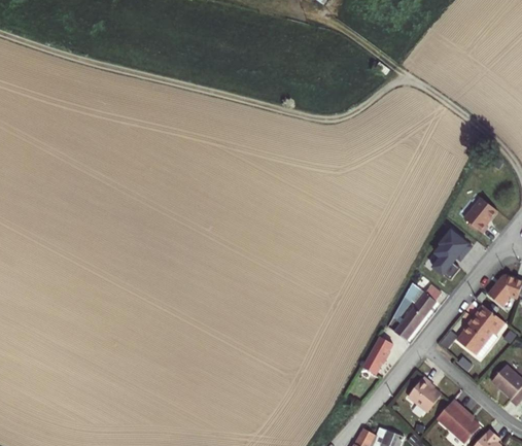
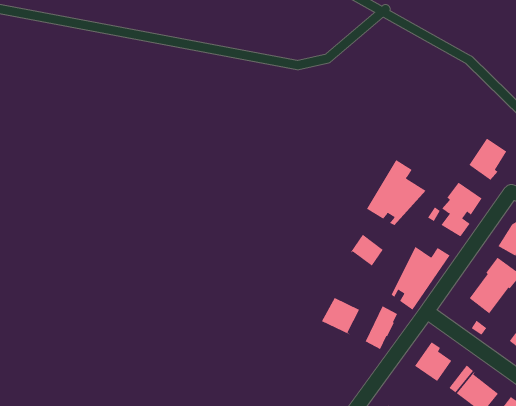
building: none -> [366,159,426,226]
building: none -> [350,234,384,266]
building: none -> [321,297,360,335]

